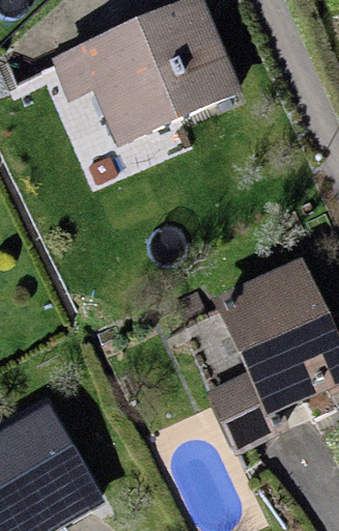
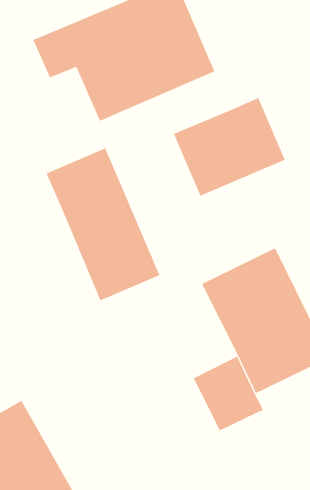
building: none -> [173,97,285,196]
building: none -> [46,147,160,301]

